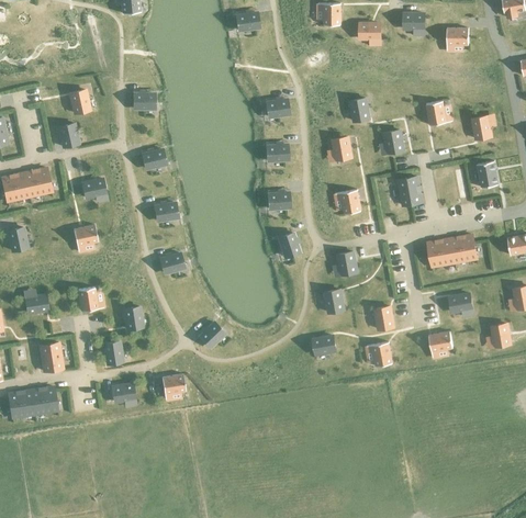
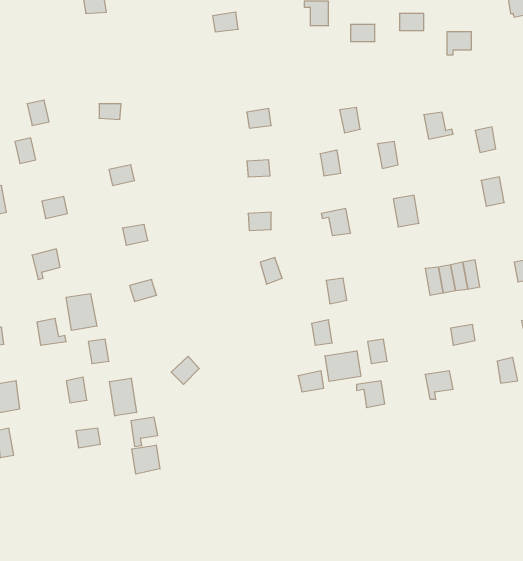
building: none -> [66,294,97,330]
building: none -> [325,351,361,381]
building: none -> [109,378,137,416]
building: none -> [132,445,160,474]

